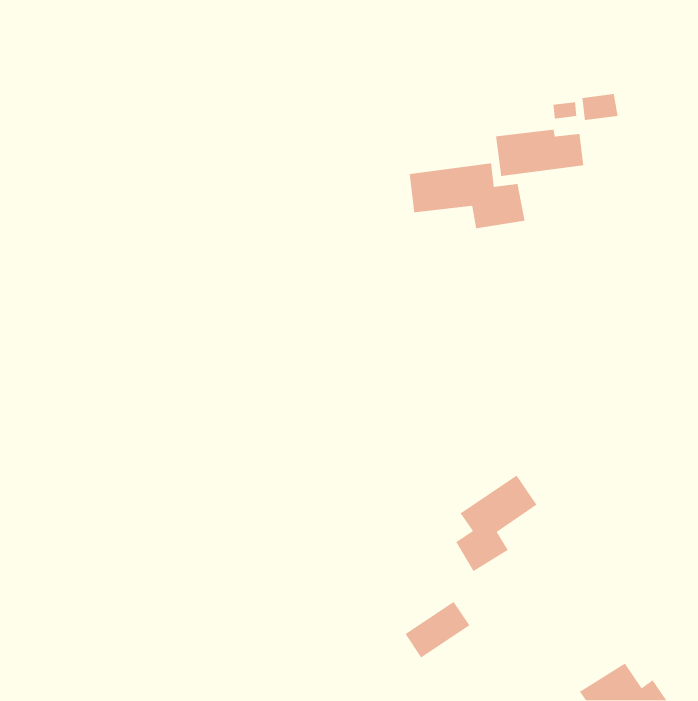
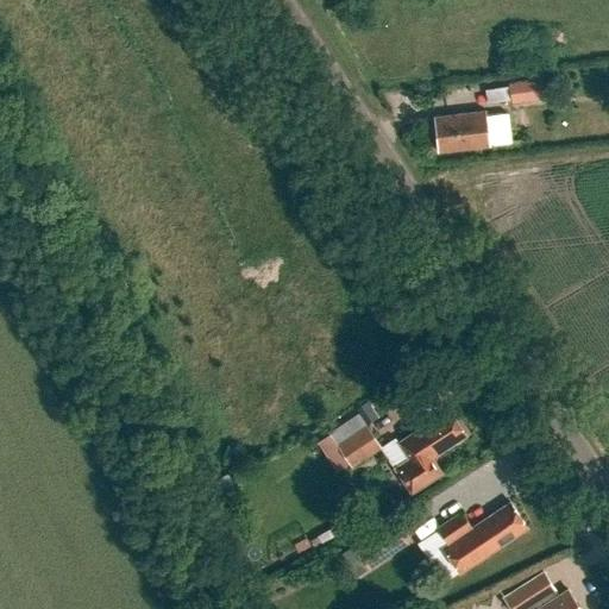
building: [409,163,525,229] -> none
building: none -> [333,425,379,467]
building: none -> [435,503,528,576]

